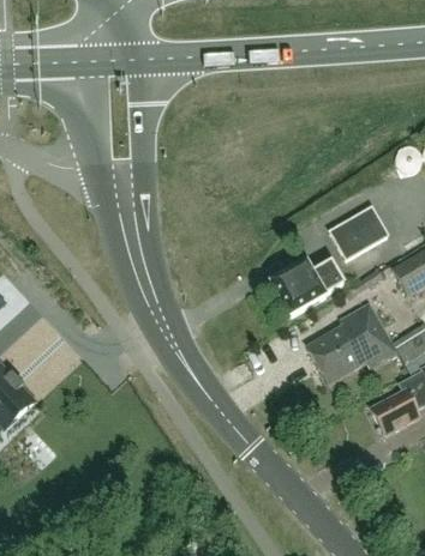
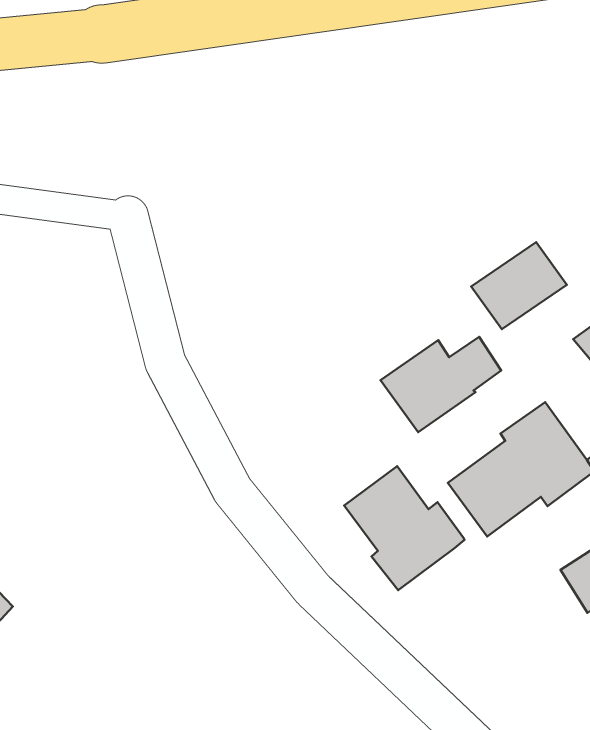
building: none -> [344,466,464,590]

